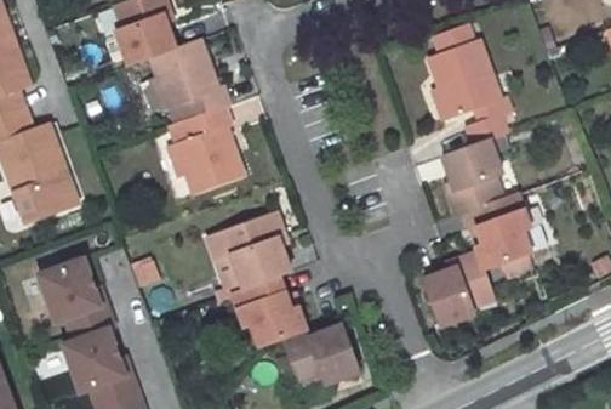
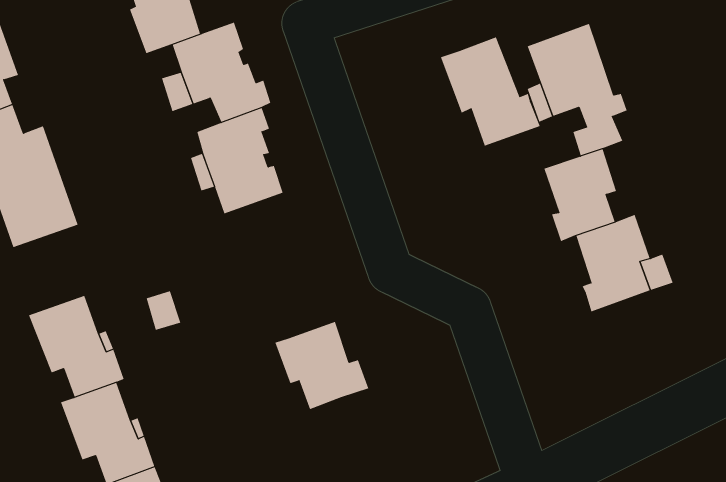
building: none -> [440,37,540,147]
building: [229,215,289,290] -> none
building: [423,254,493,328] -> none
building: [285,328,360,386] -> none

